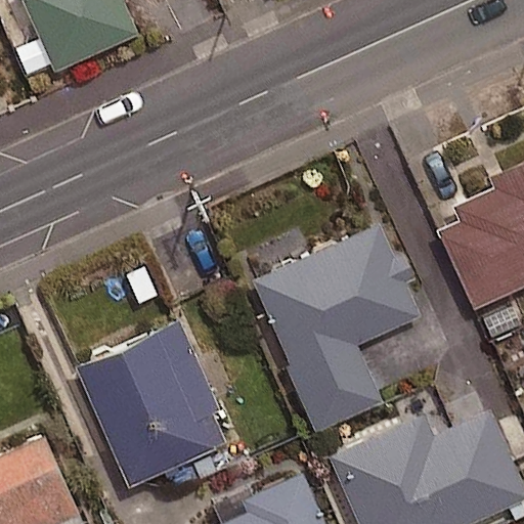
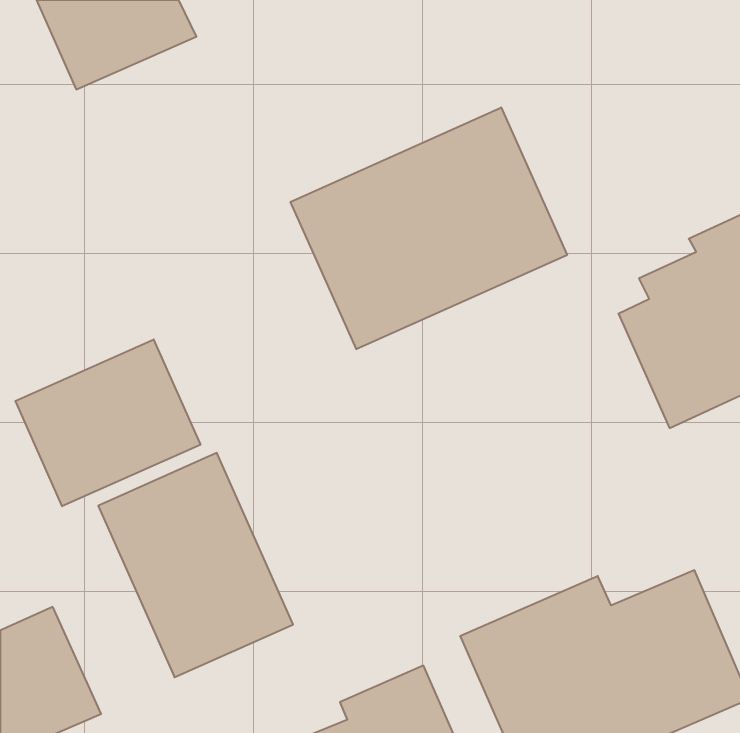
building: none -> [291,107,567,349]
building: [252,222,420,429] -> none
building: none -> [15,339,200,506]

